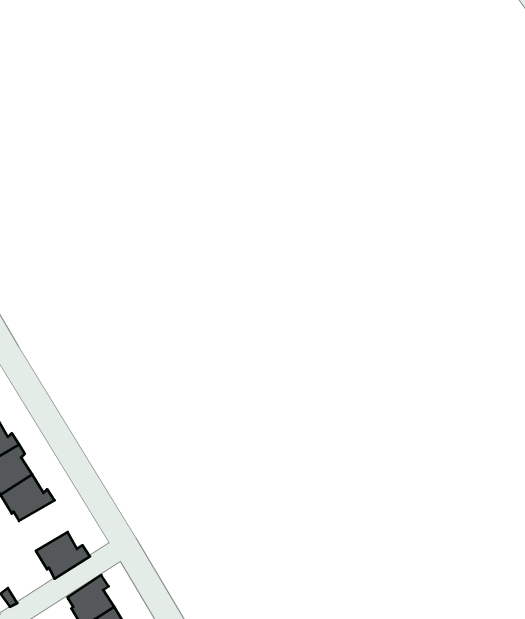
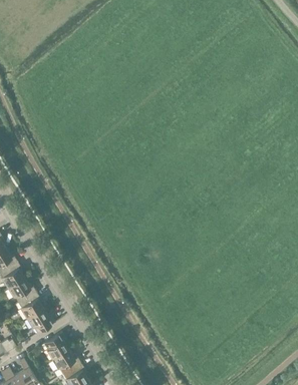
building: none -> [17,292,43,319]

